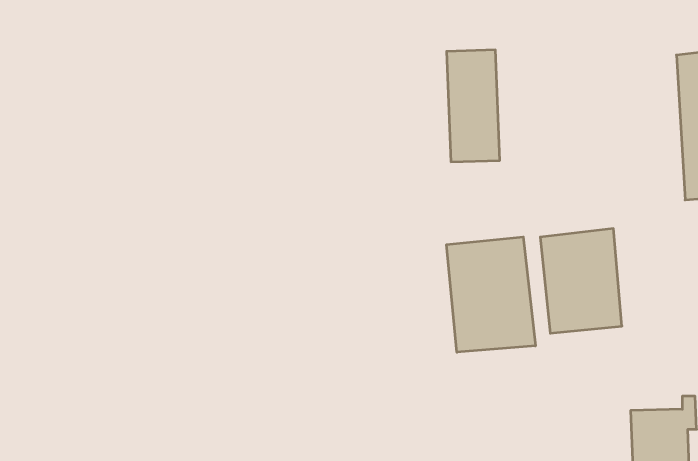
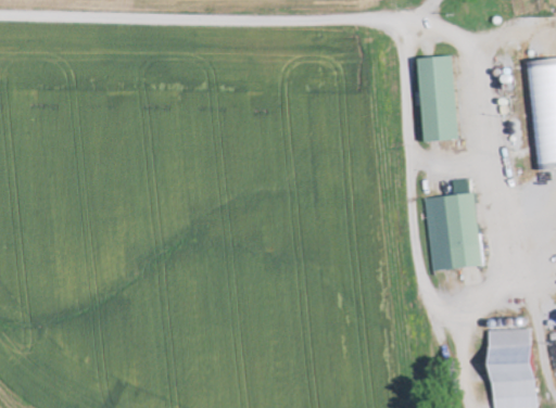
building: [447,50,500,162] -> [419,55,459,140]
building: [447,237,535,352] -> none

